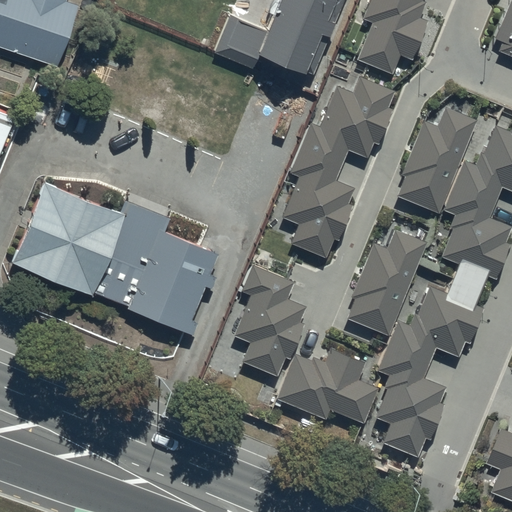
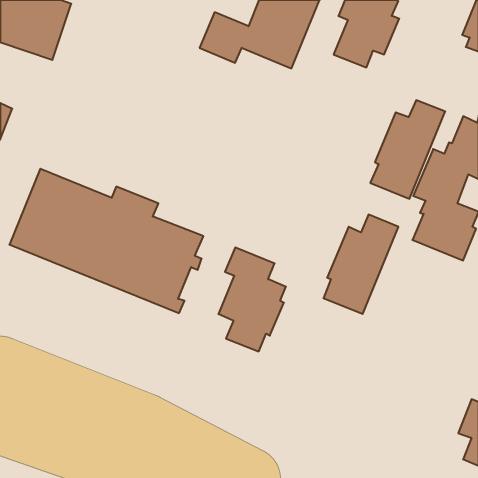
building: [282,77,394,257] -> none
building: [375,286,483,457] -> none
building: [276,348,377,423] -> none

